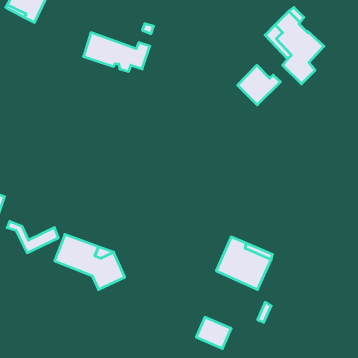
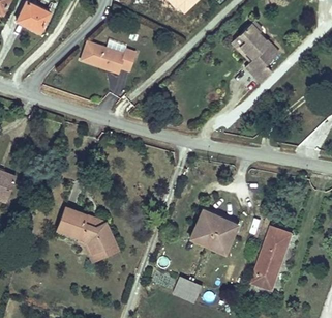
building: [238,65,280,105] -> none
building: [7,221,58,253] -> [76,237,118,263]
building: none -> [252,227,293,290]

